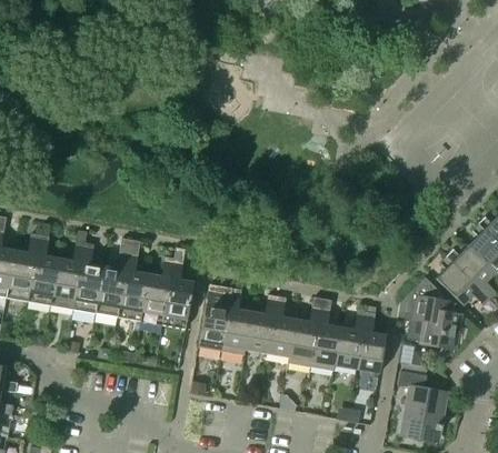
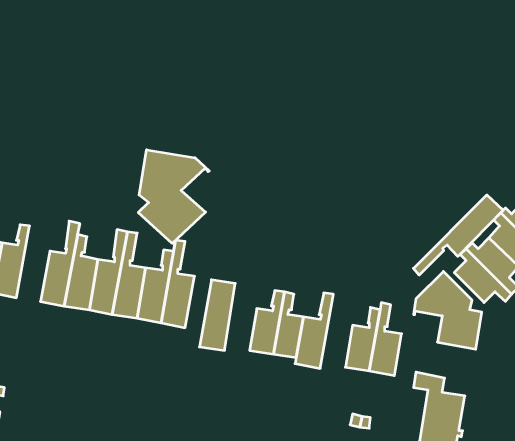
building: none -> [138,150,209,243]
building: none -> [413,195,503,275]
building: [28,234,59,304] -> none
building: [221,288,251,354] -> none
building: [310,298,340,370] -> none

